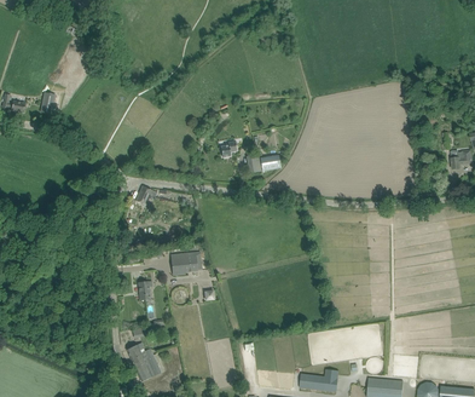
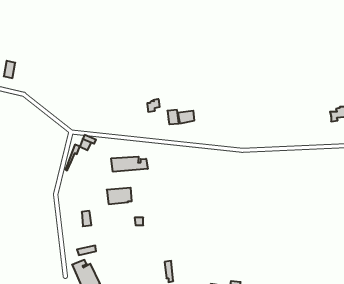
building: none -> [111,157,148,172]

